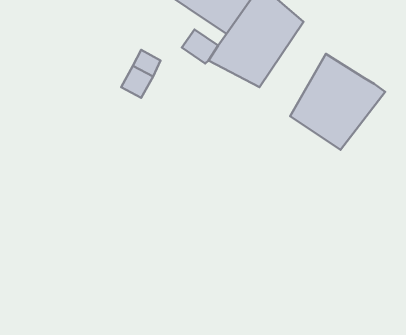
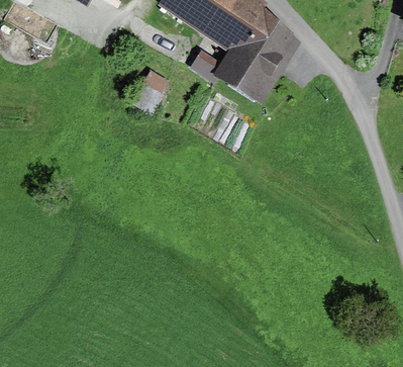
building: [290,54,385,150] -> none

